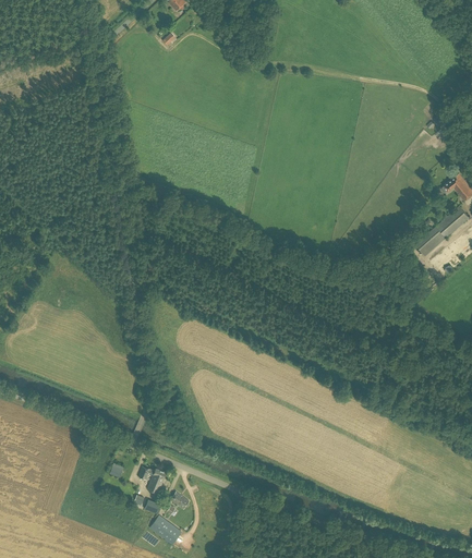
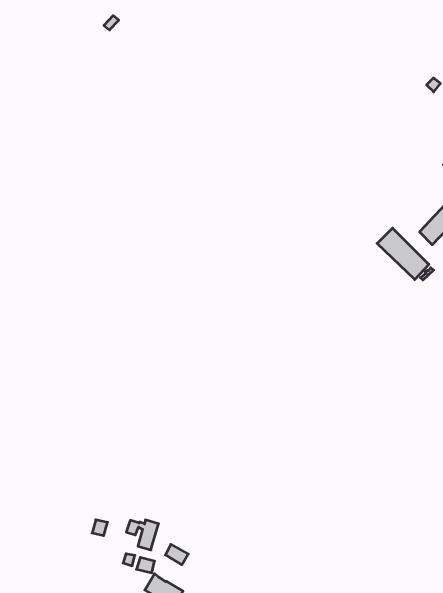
building: none -> [377,228,429,280]

